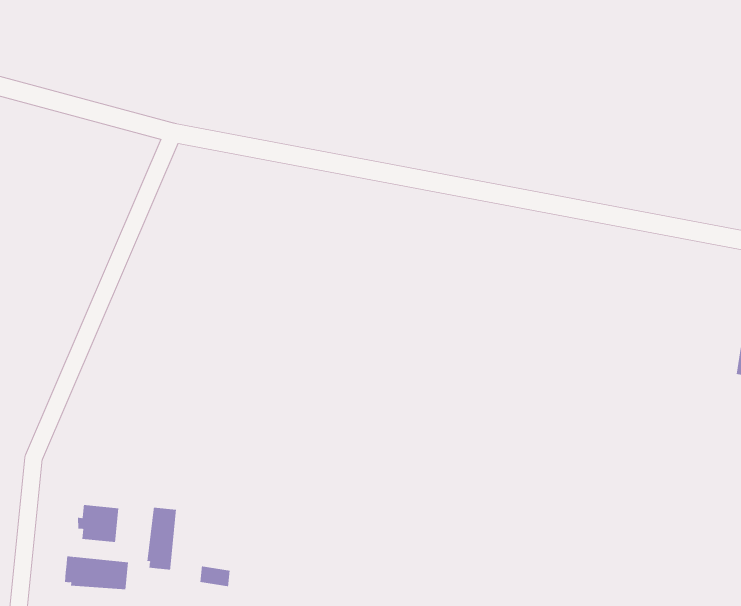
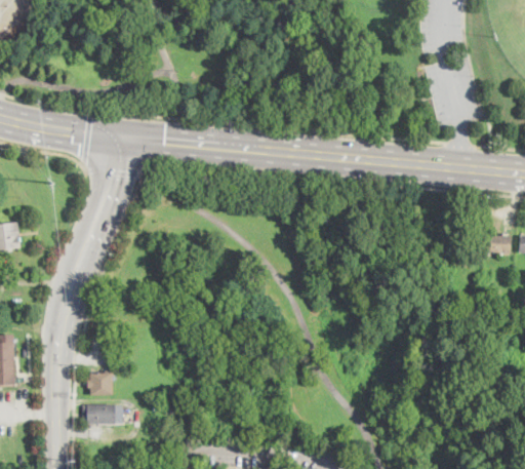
building: [147,507,177,570] -> none

